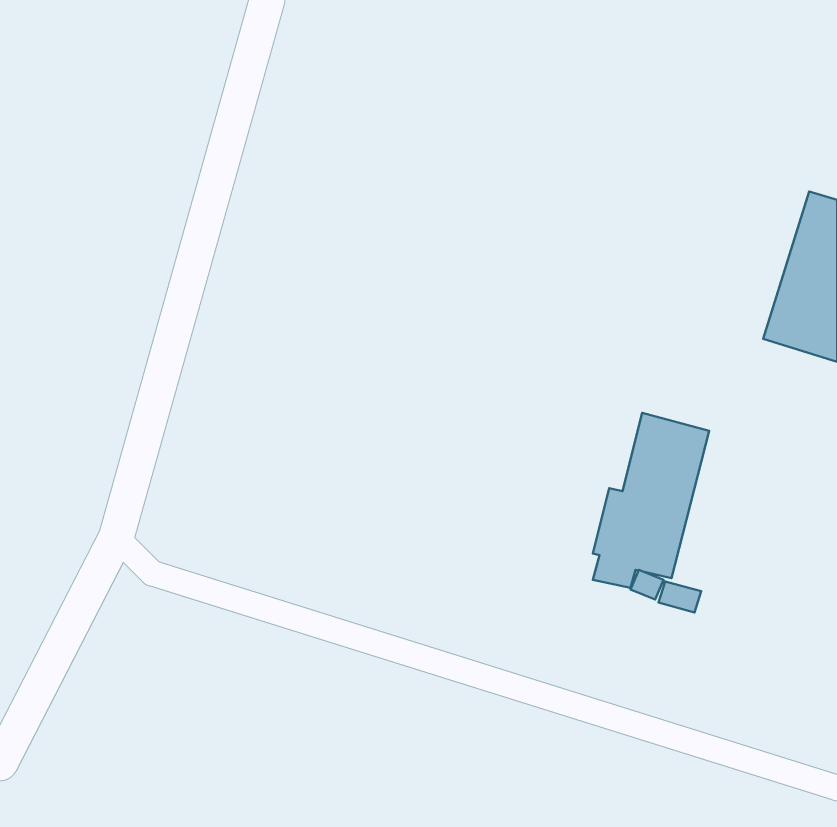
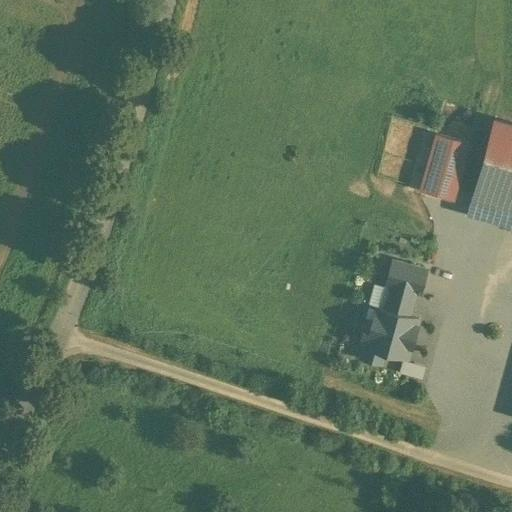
building: none -> [421,134,472,202]

